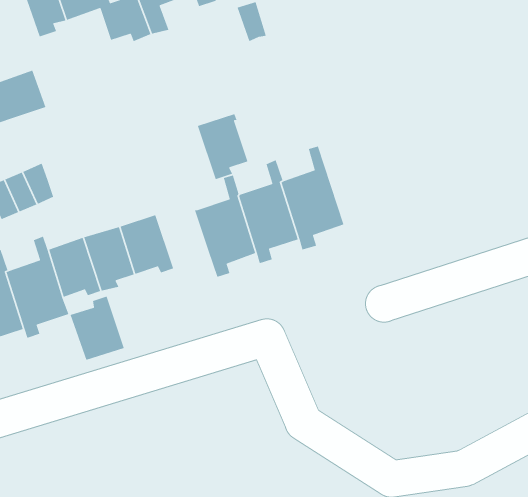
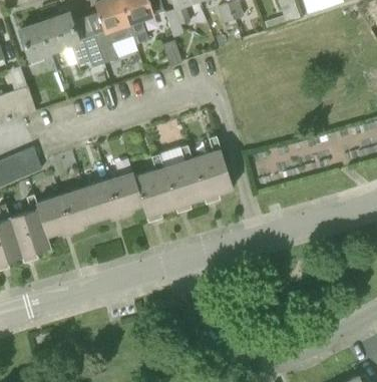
building: [197,113,249,180] -> [108,172,142,217]
building: [69,295,125,361] -> none

